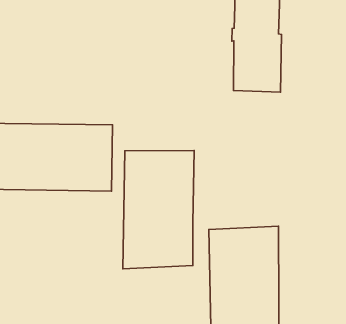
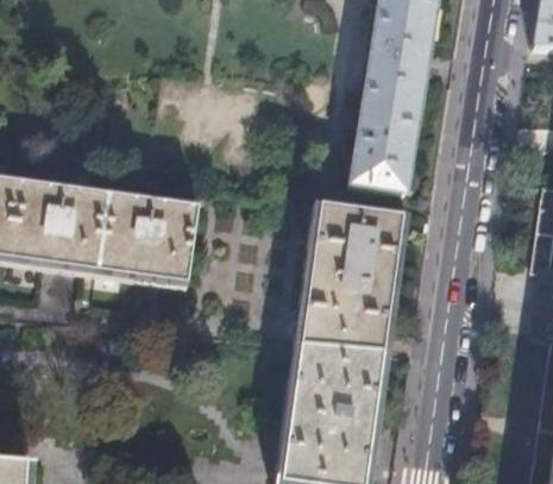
building: [123,150,194,269] -> [300,202,404,351]

